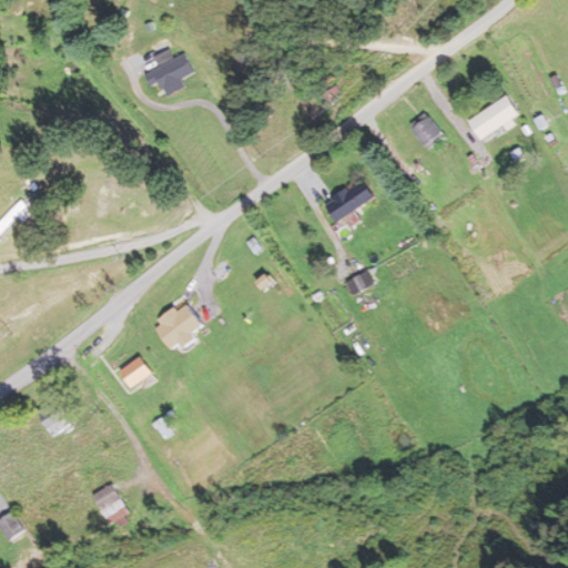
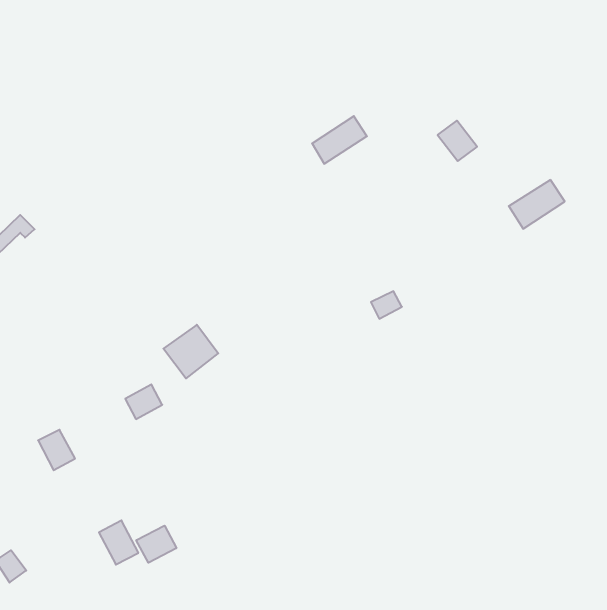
building: [146,57,185,93] -> none
building: [467,95,519,141] -> [509,180,565,229]
building: [324,179,375,223] -> [312,116,367,164]
building: none -> [136,526,176,563]

